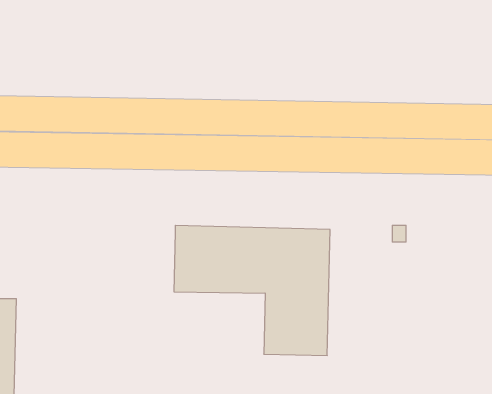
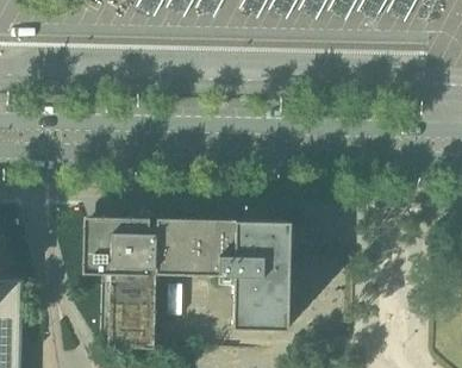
building: none -> [82,219,157,351]

